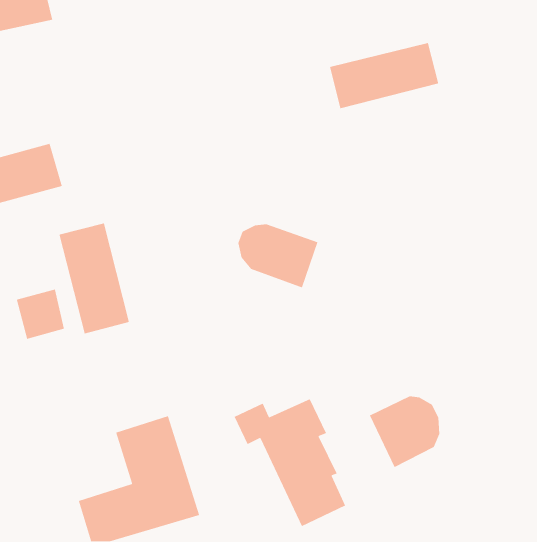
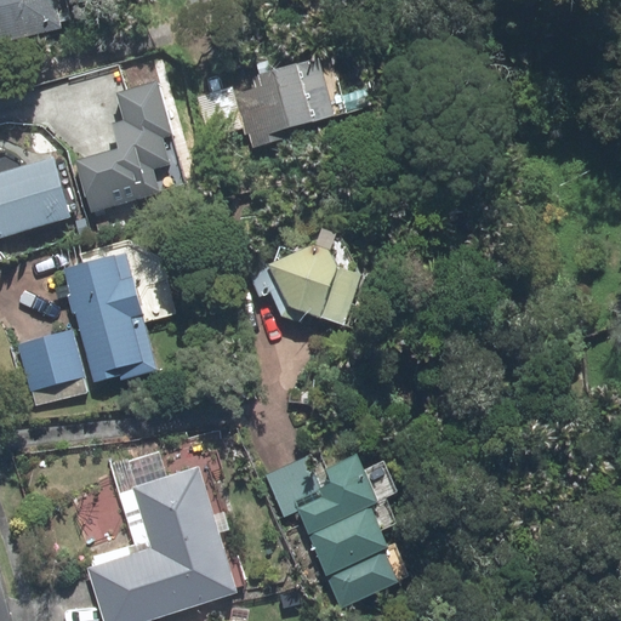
building: [329,42,439,109] -> [245,59,370,136]
building: none -> [74,81,176,212]
building: [369,396,440,468] -> none

